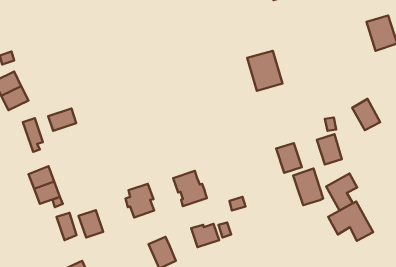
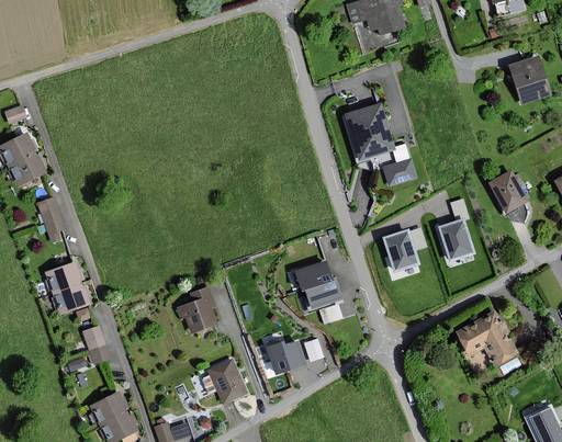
building: none -> [383,159,415,184]
building: [48,108,76,131] -> none
building: [293,169,323,205] -> none
building: [173,171,207,206] -> [295,261,341,309]
building: [326,174,357,211] -> none
building: [79,210,103,238] -> none

